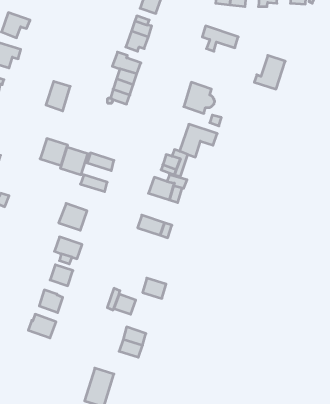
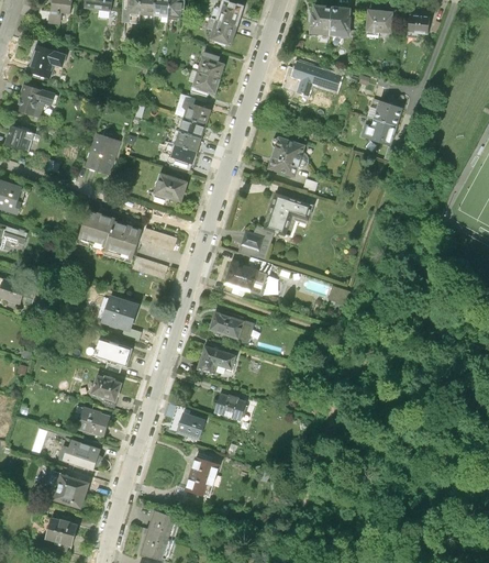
building: none -> [155,173,187,200]
building: none -> [195,344,233,372]
building: none -> [55,473,90,506]
building: none -> [47,517,78,544]

